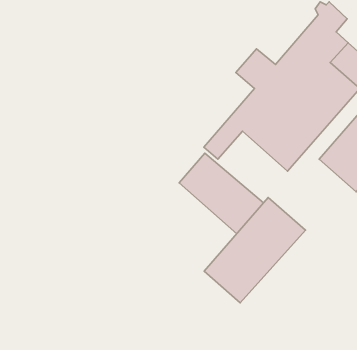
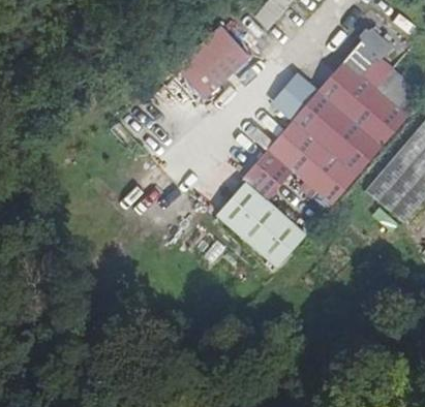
building: none -> [177,32,244,98]
building: [204,197,306,303] -> none

